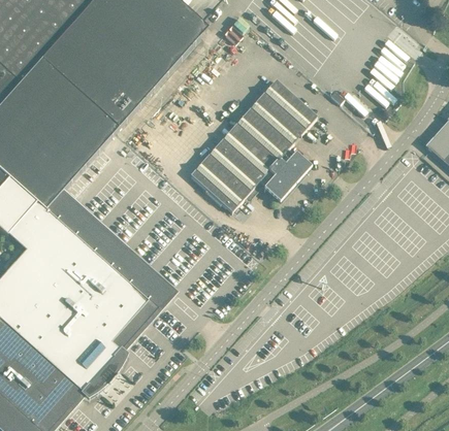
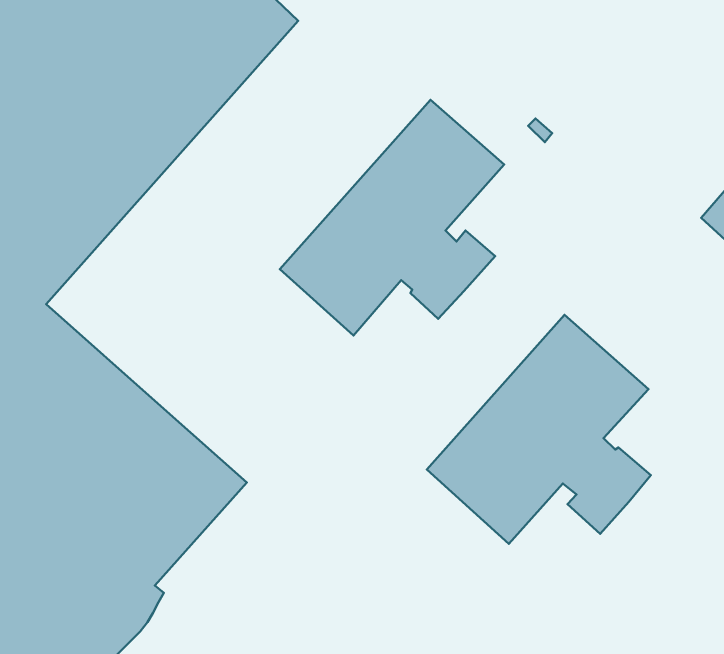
building: none -> [427,315,651,544]

